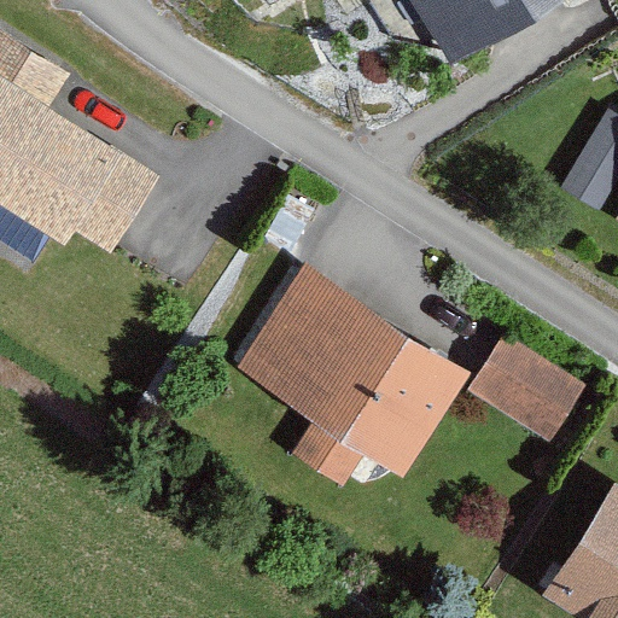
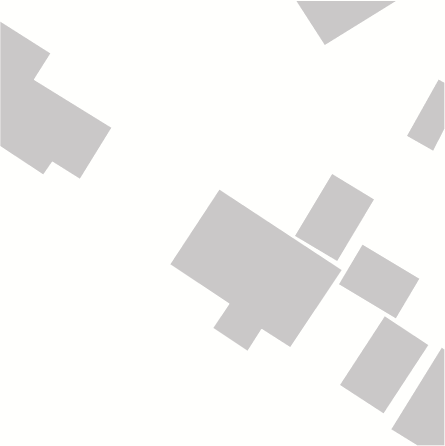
building: none -> [294,173,375,262]
building: none -> [339,315,430,415]

